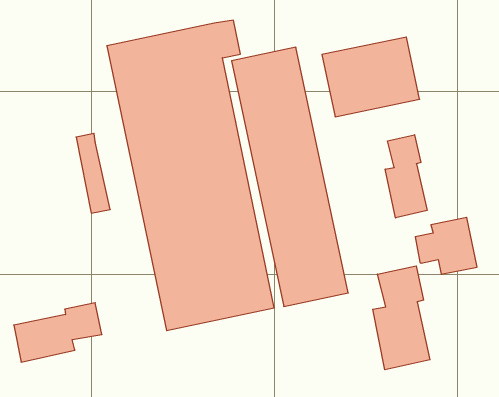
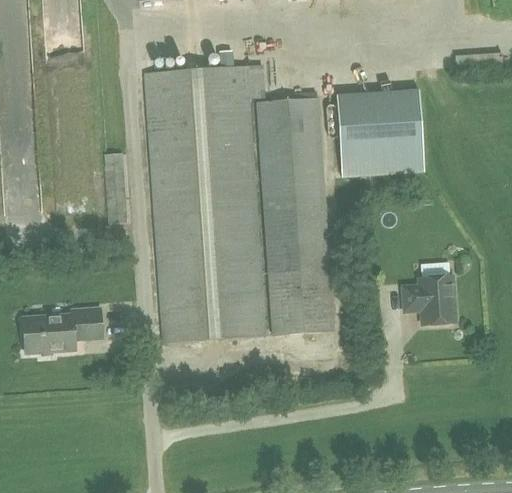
building: none -> [342,82,420,107]
building: [385,135,427,218] -> none
building: [373,266,430,370] -> none

